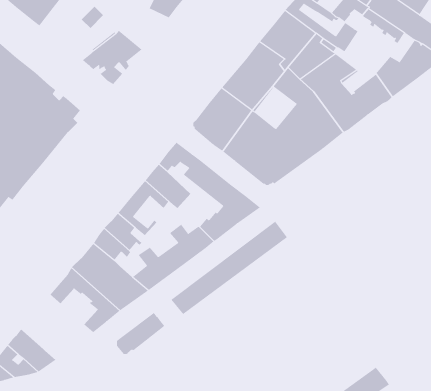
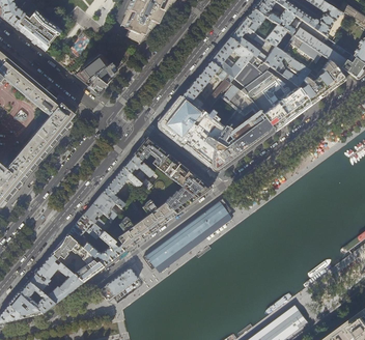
building: none -> [275,54,310,86]
building: none -> [28,254,83,304]

